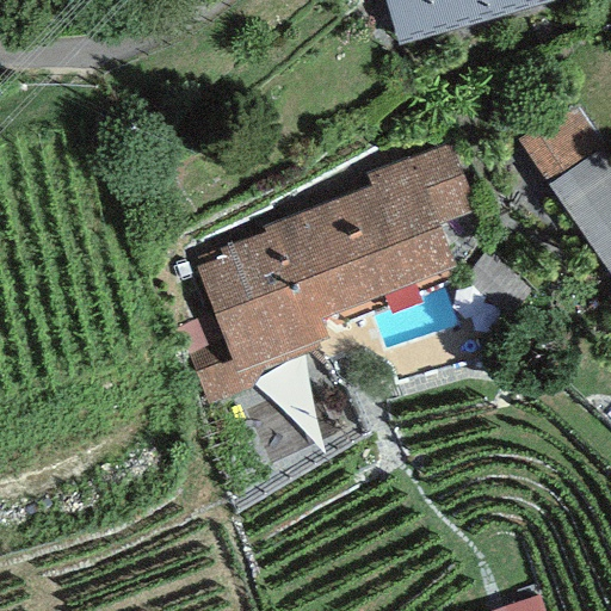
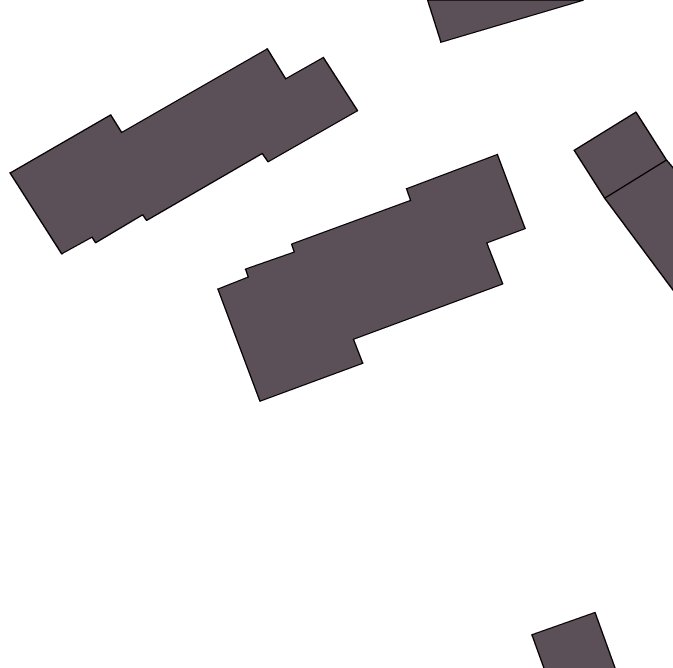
building: none -> [10,49,357,254]

